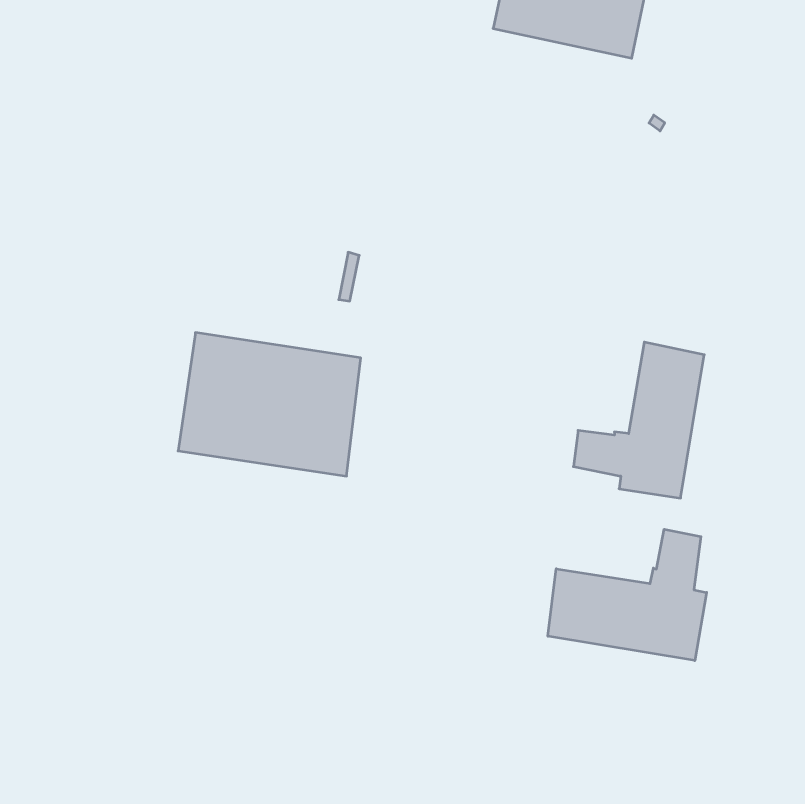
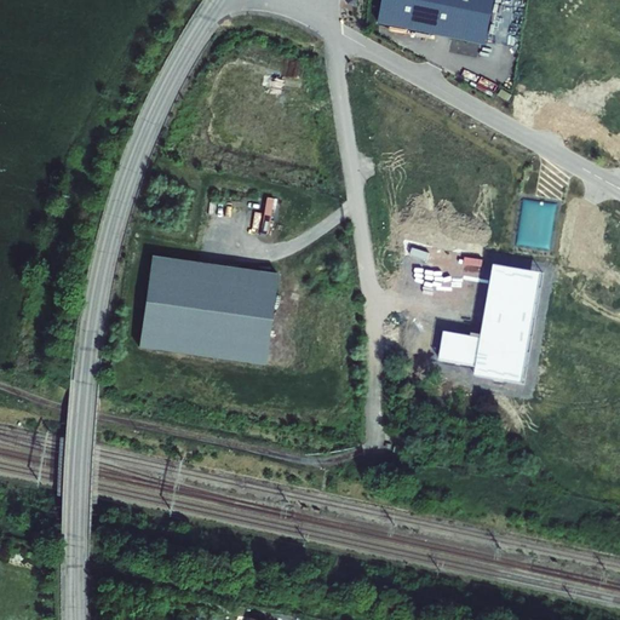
building: [548,529,707,661] -> none

